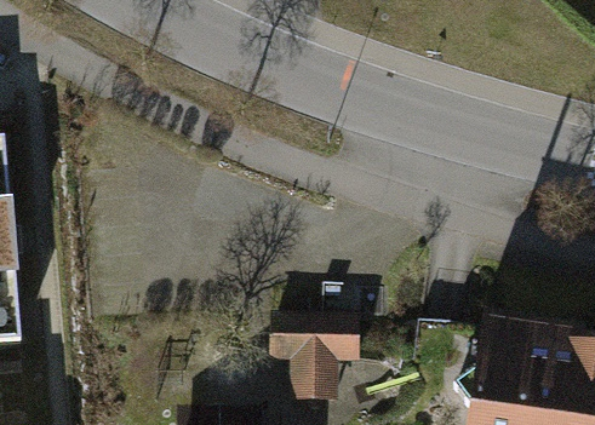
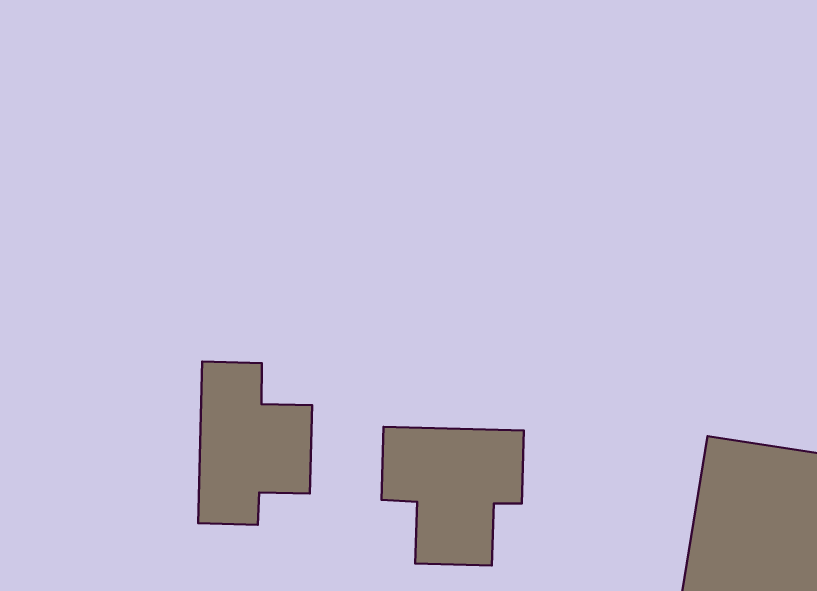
building: none -> [198,361,312,525]

